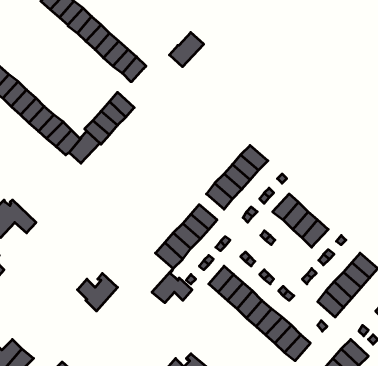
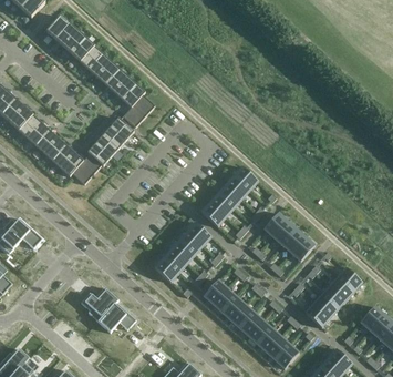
building: [169,32,204,67] -> [122,94,154,126]
building: [152,268,192,303] -> [97,299,135,332]

